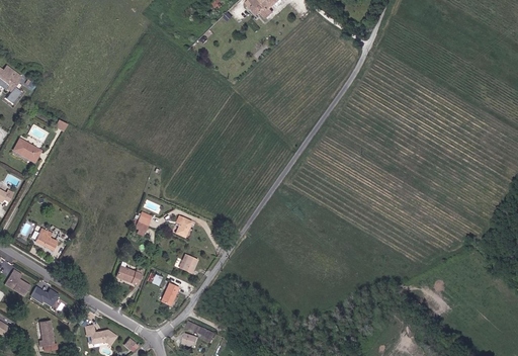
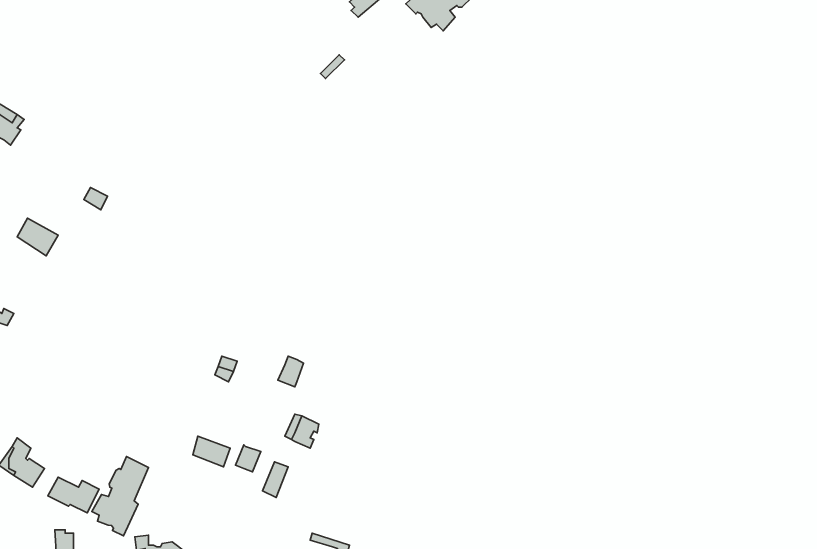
building: [33,224,58,251] -> none
building: none -> [92,456,149,536]

